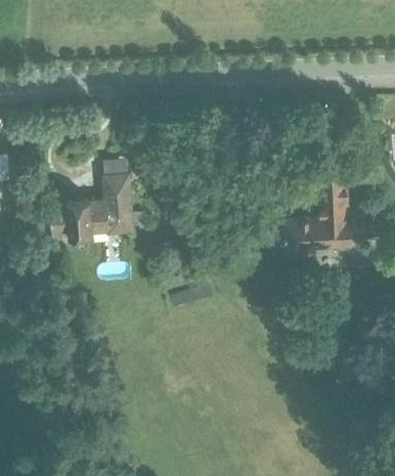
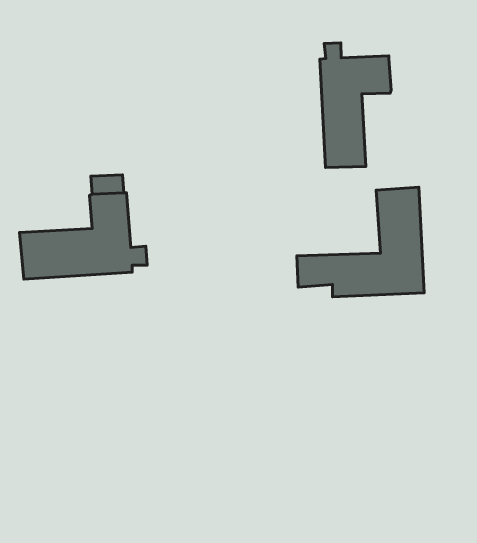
building: none -> [320,43,391,167]

